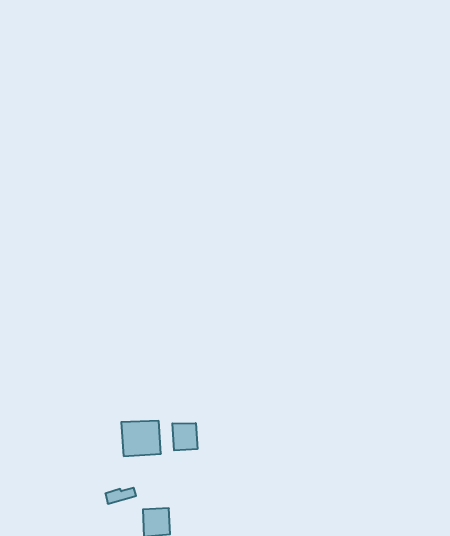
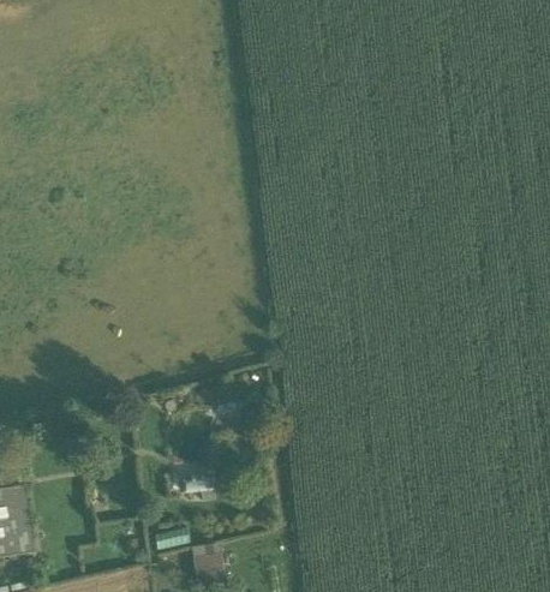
building: [172,423,197,450] -> none

